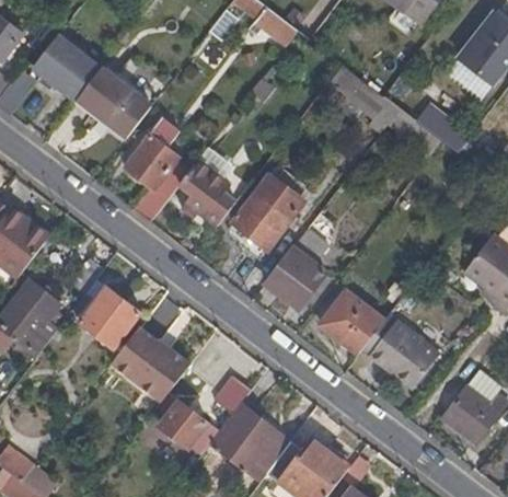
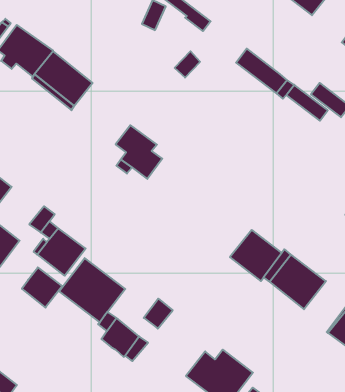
building: [125,118,186,218] -> none
building: [229,174,304,258] -> none
building: [267,230,328,308] -> none
building: none -> [22,267,62,308]
building: [215,407,290,481] -> none

